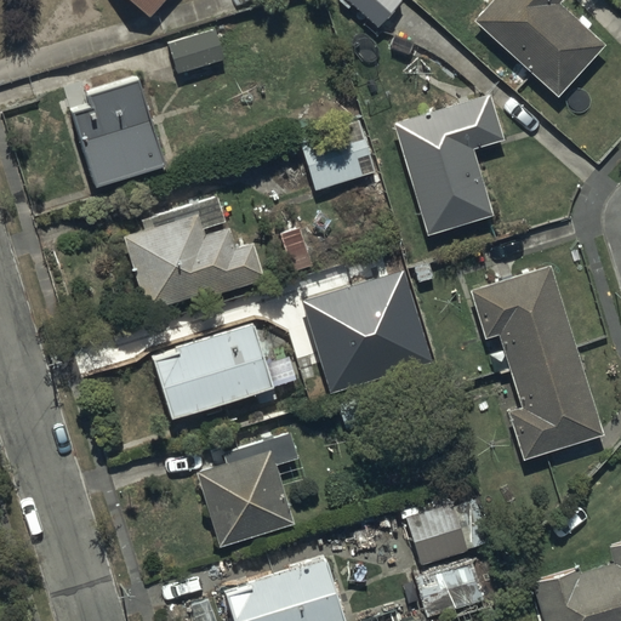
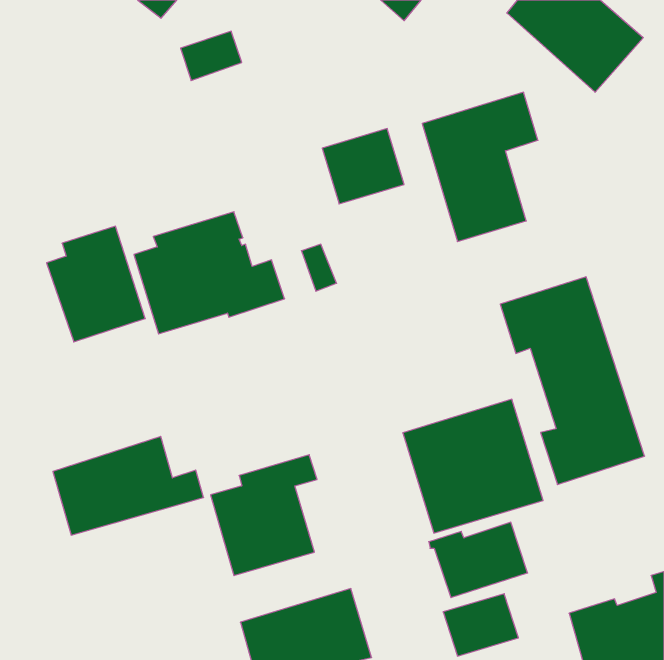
building: [70,84,163,192] -> [47,226,145,342]
building: [303,272,434,397] -> [403,399,543,533]
building: [155,329,296,421] -> [53,436,204,535]

